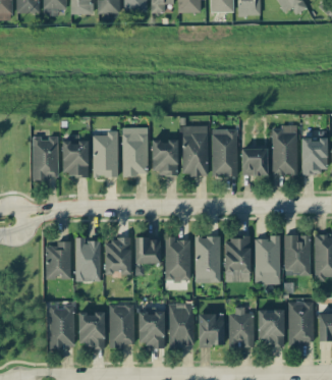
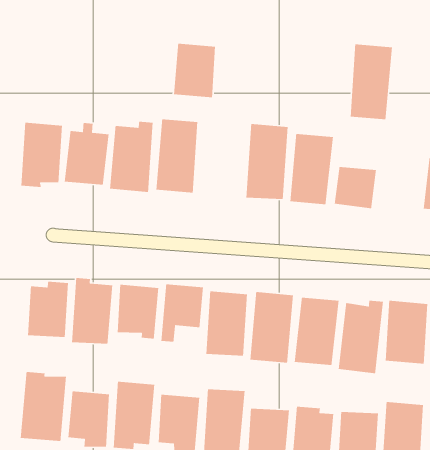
building: [271,126,296,175] -> [350,44,393,120]
building: [152,140,178,174] -> [173,43,216,98]

